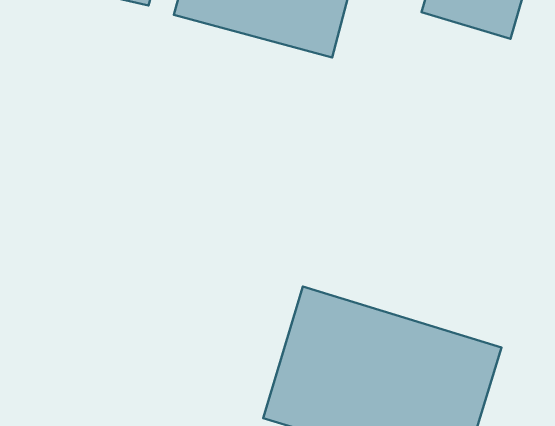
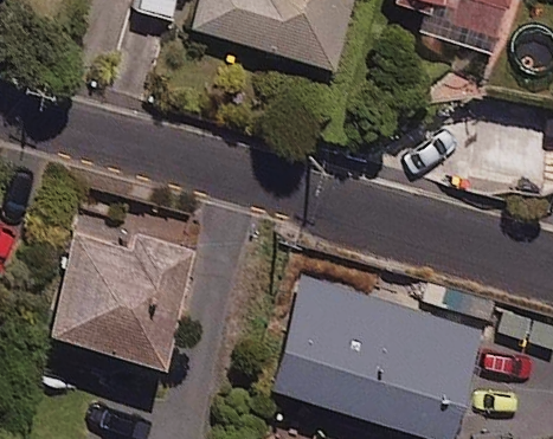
building: none -> [49,231,194,369]

